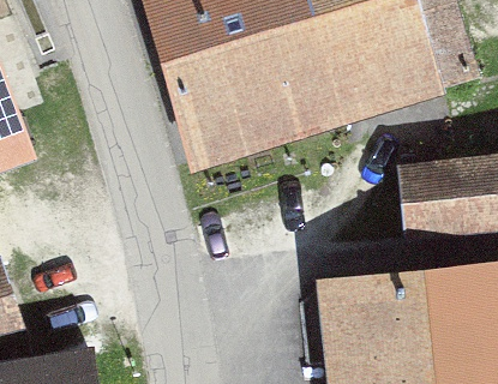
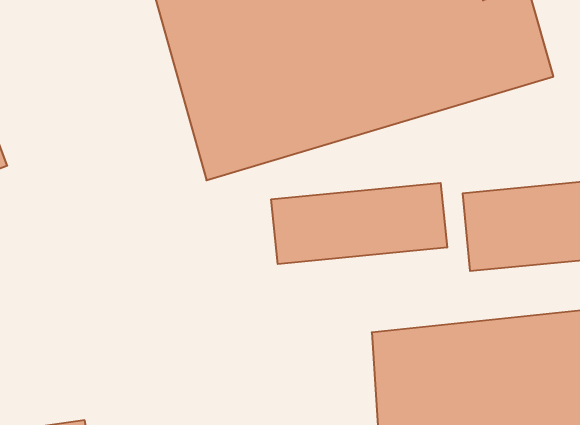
building: none -> [271,183,447,264]

